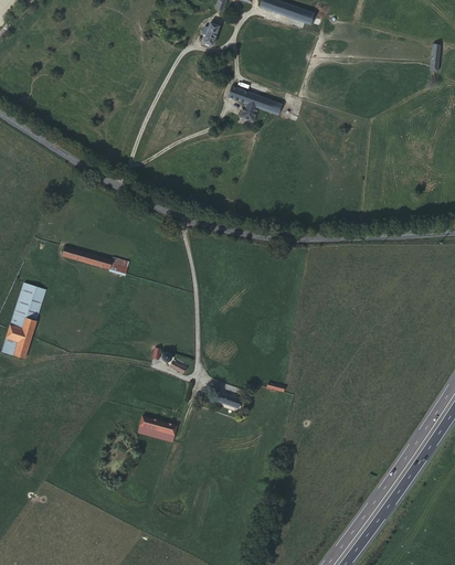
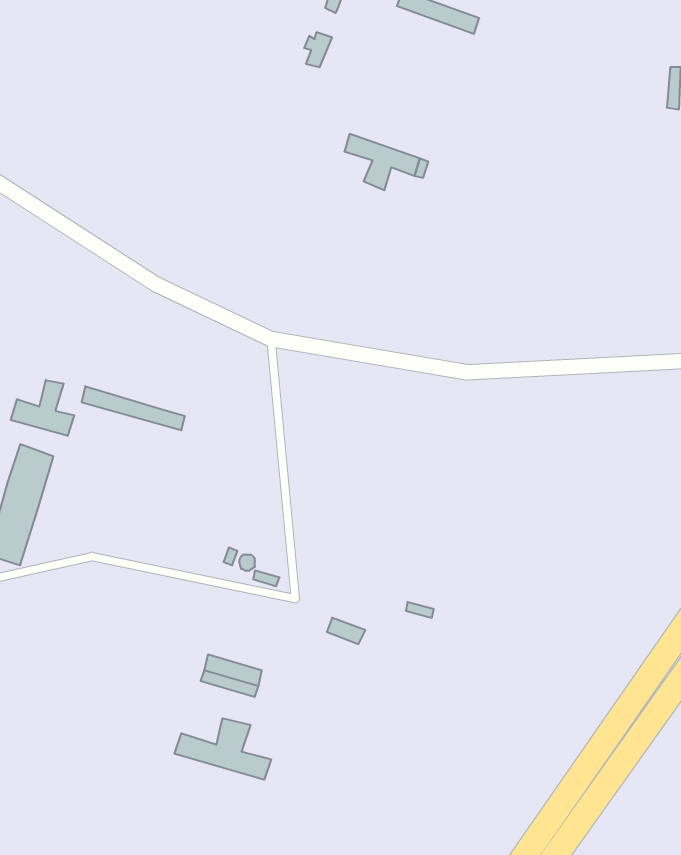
building: none -> [11,380,74,436]
building: none -> [174,718,271,780]

